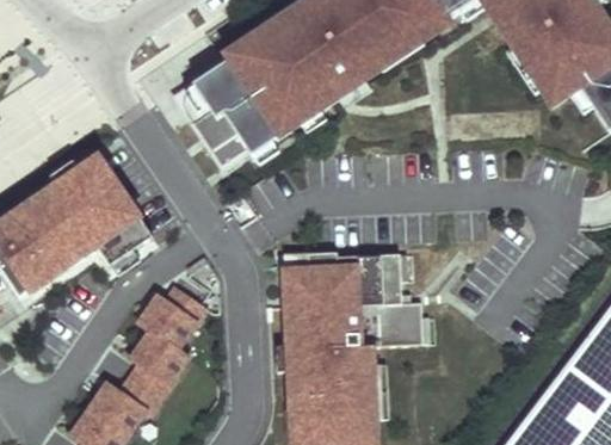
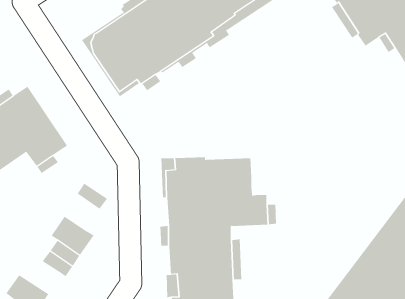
building: [138,295,197,350] -> none
building: [88,383,147,435] -> none

